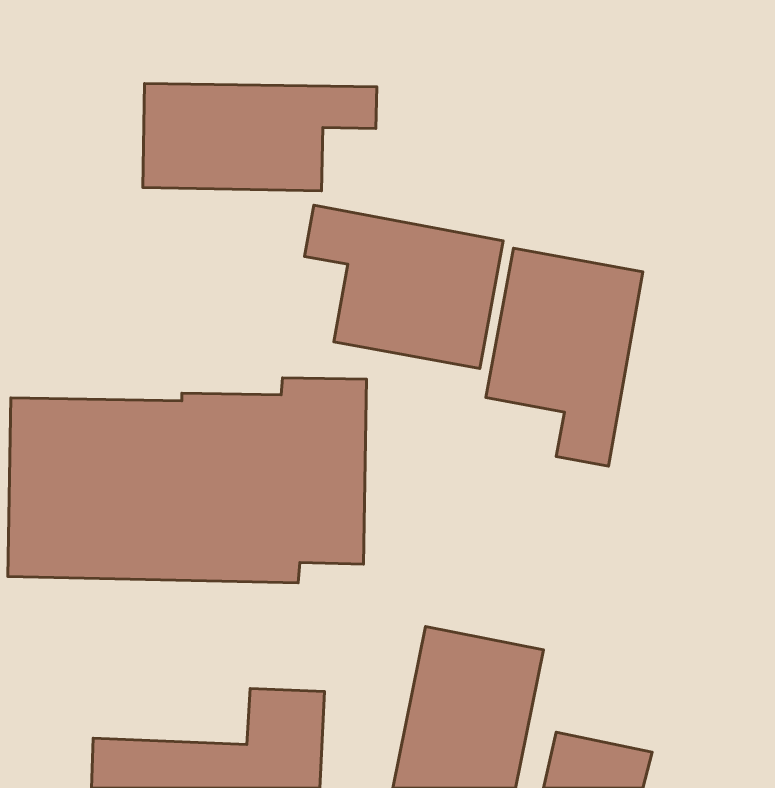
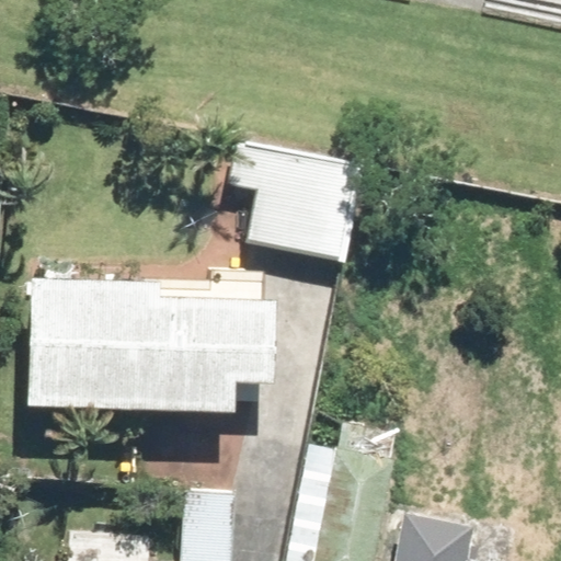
building: [143,83,377,191] -> none
building: [486,248,643,466] -> none

